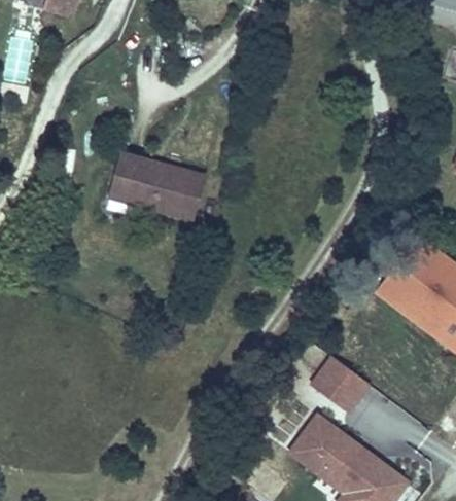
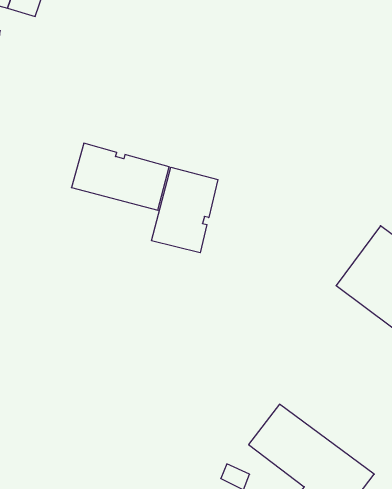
building: none -> [152,167,218,253]
building: [311,355,372,413] -> none

